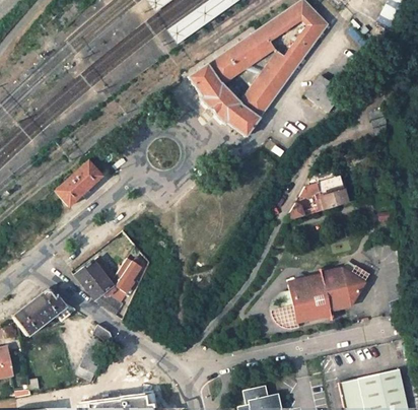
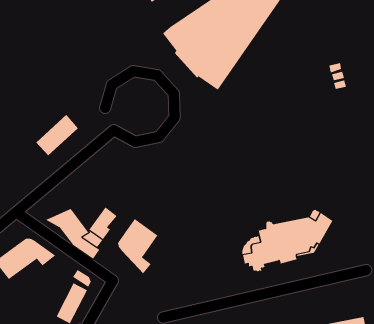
building: [307,70,335,102] -> none
building: [285,170,348,220] -> none
building: none -> [117,218,158,274]

